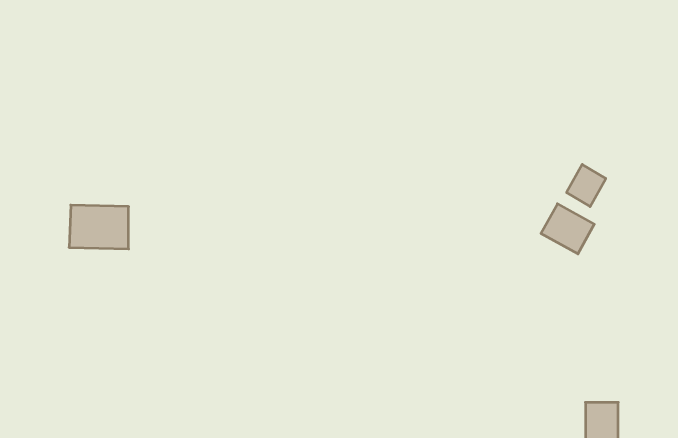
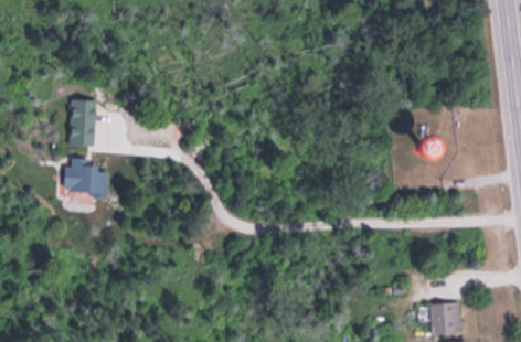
building: none -> [71,100,96,147]
building: [541,204,594,254] -> none

